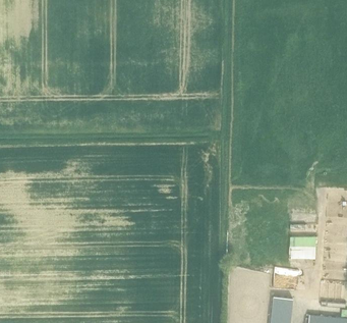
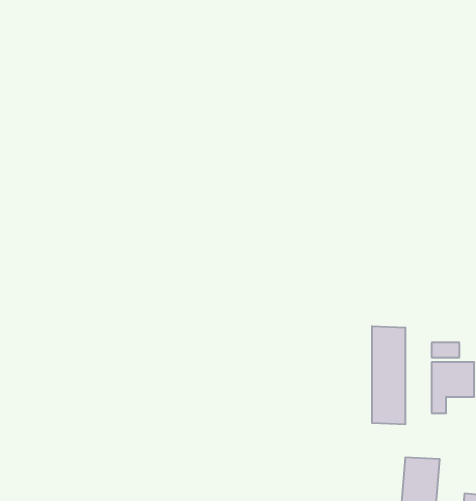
building: none -> [372,326,405,424]

